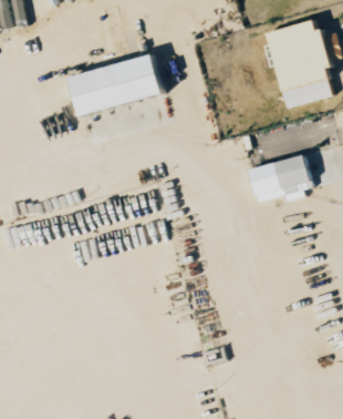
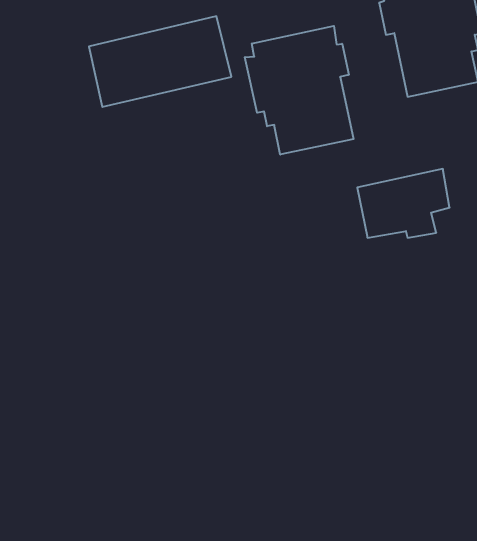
building: none -> [245,26,354,155]

